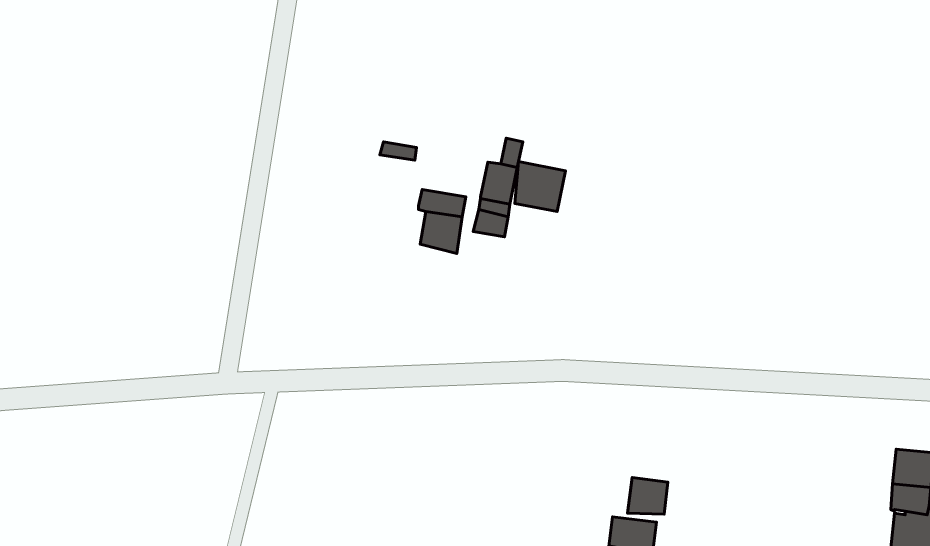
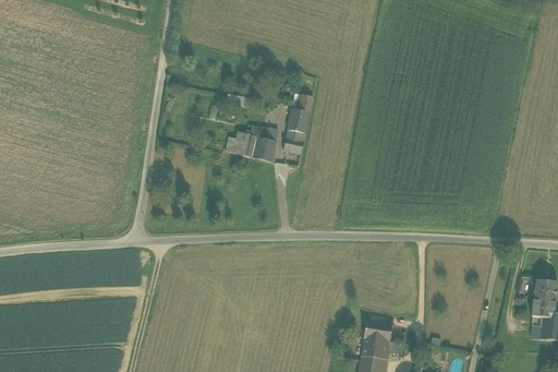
building: [515,162,565,211] -> none
building: none -> [227,130,255,157]
building: [628,478,668,514] -> none

